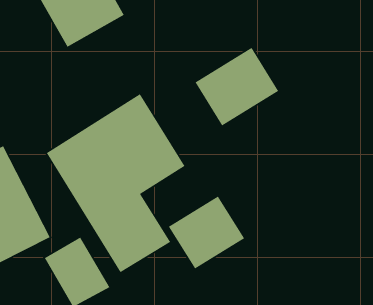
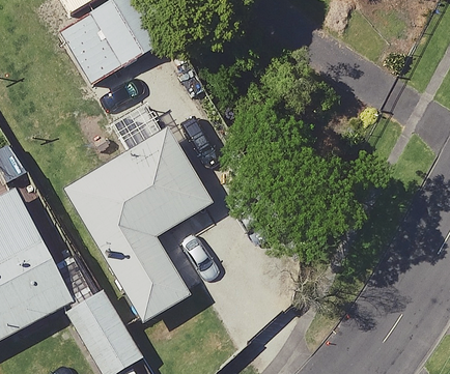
building: [195,47,279,127] -> none
building: [168,195,245,270] -> none

